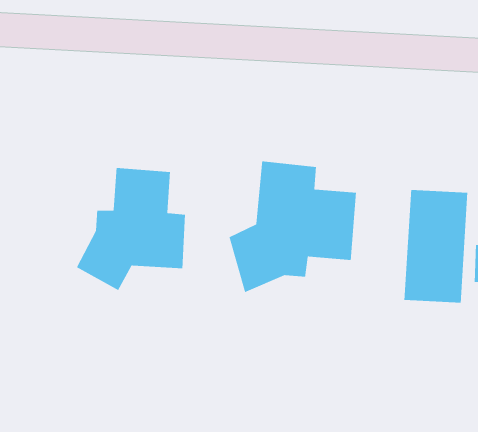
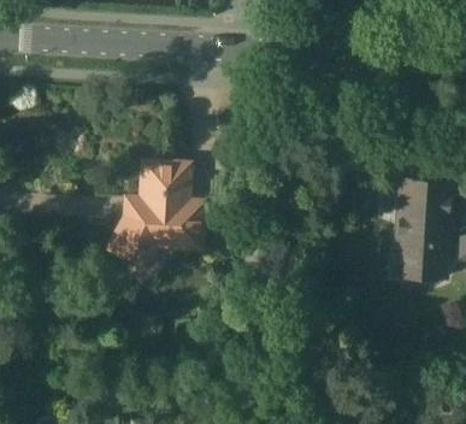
building: [228,161,357,293] -> none

